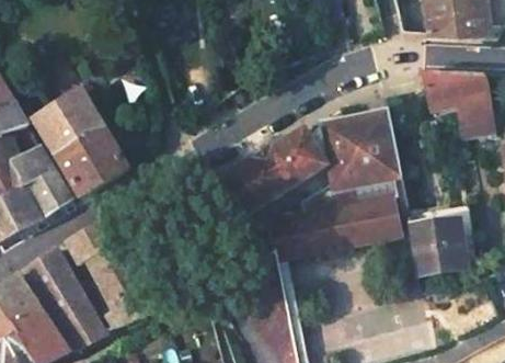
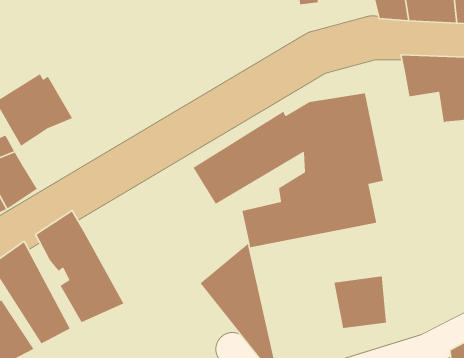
building: [56,131,128,195] -> none
building: [410,223,461,274] -> [333,276,387,329]

